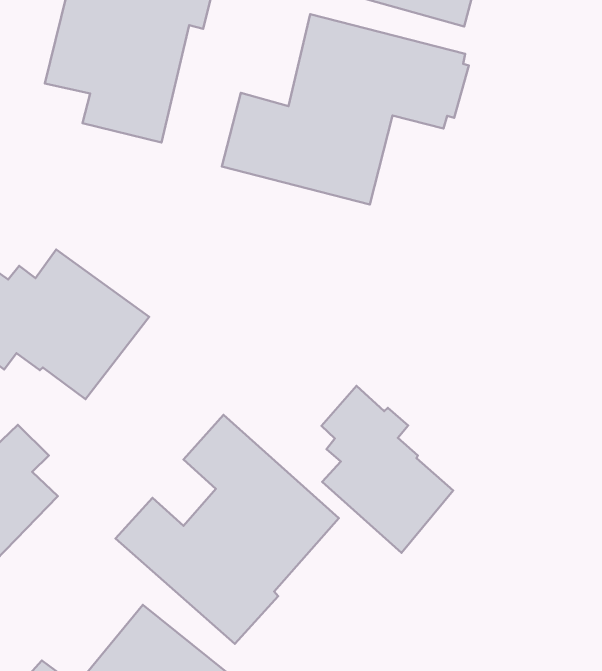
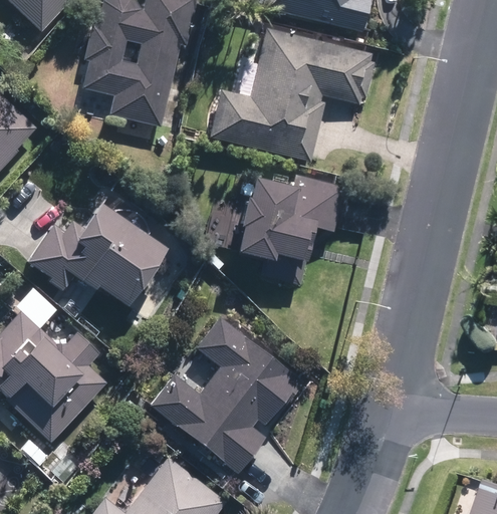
building: none -> [230,174,346,285]
building: [322,386,453,553] -> none

